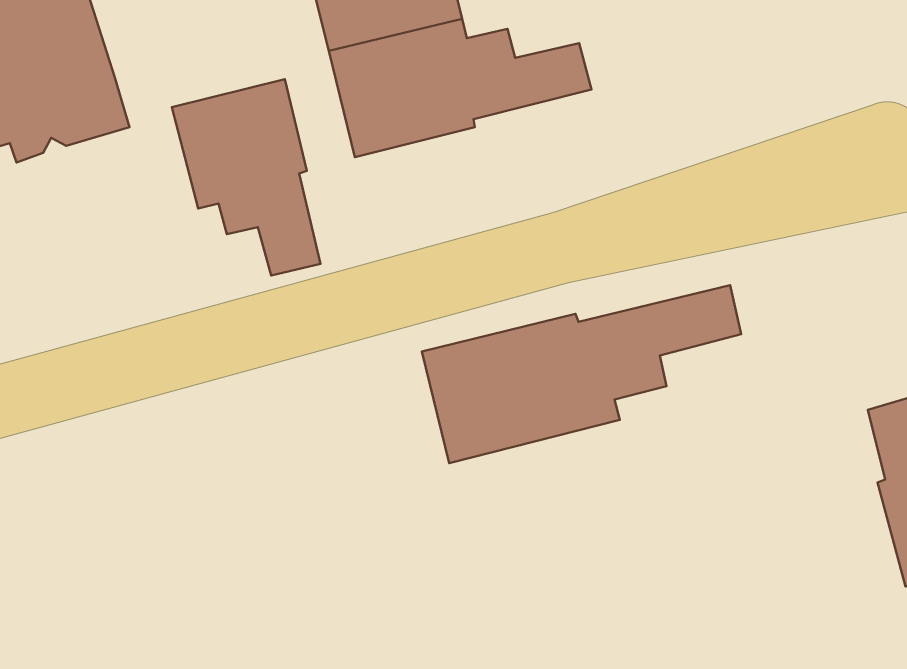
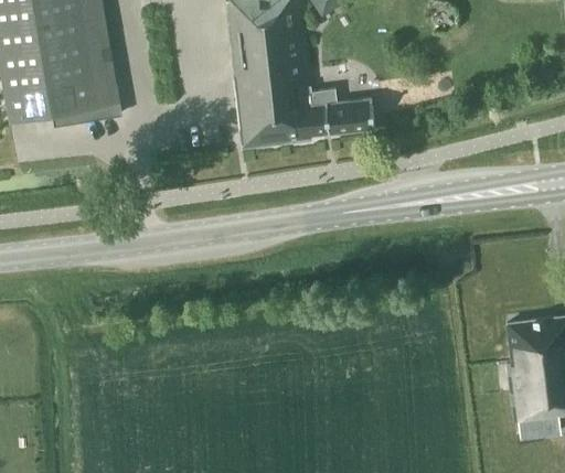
building: [172,79,320,275] -> none
building: [422,285,741,463] -> none

